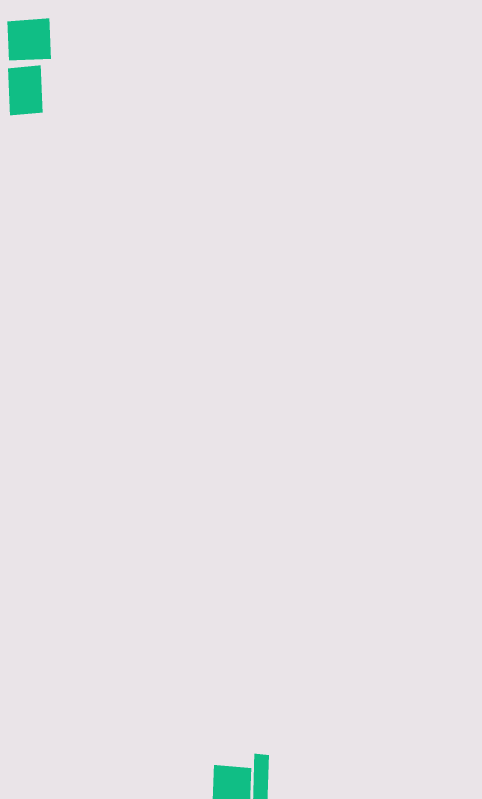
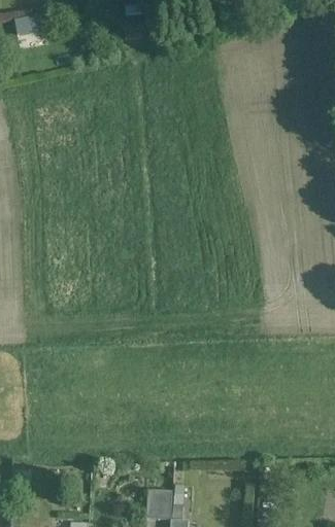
building: [7,64,43,116] -> none

